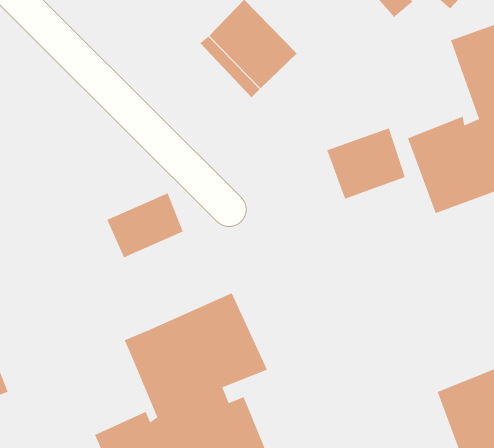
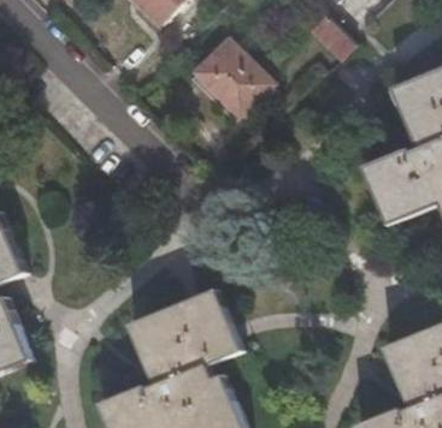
building: [327,127,405,199] -> none
building: [107,192,184,258] -> none

